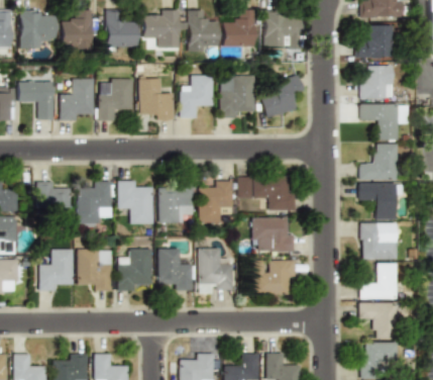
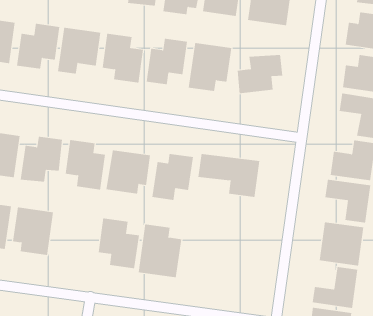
building: [251,217,295,253] -> none
building: [117,249,152,290] -> none
building: [252,260,296,298] -> none

